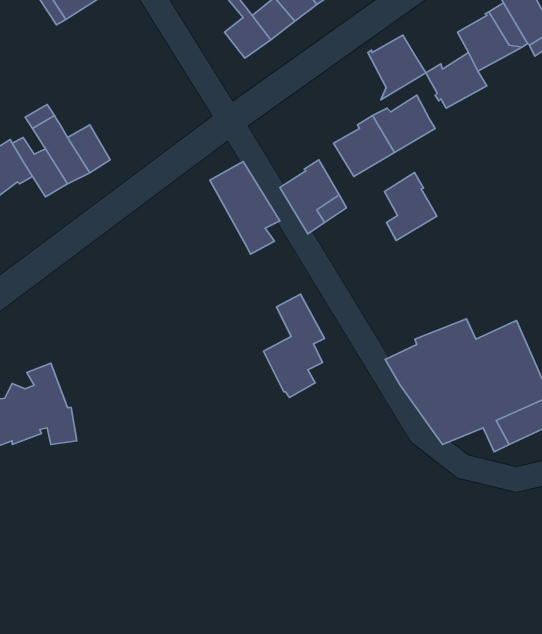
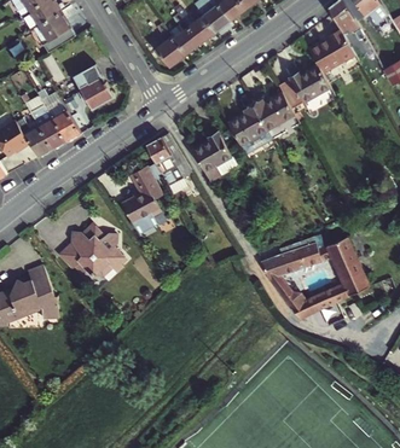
building: [368,35,426,100] -> none
building: none -> [74,64,116,110]
building: [384,173,437,240] -> none
building: [263,294,324,398] -> [122,165,162,233]
building: none -> [57,225,123,275]

